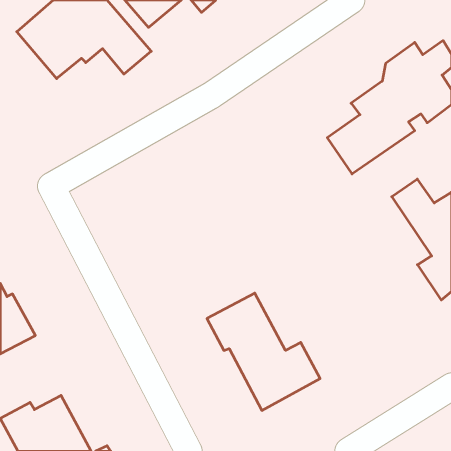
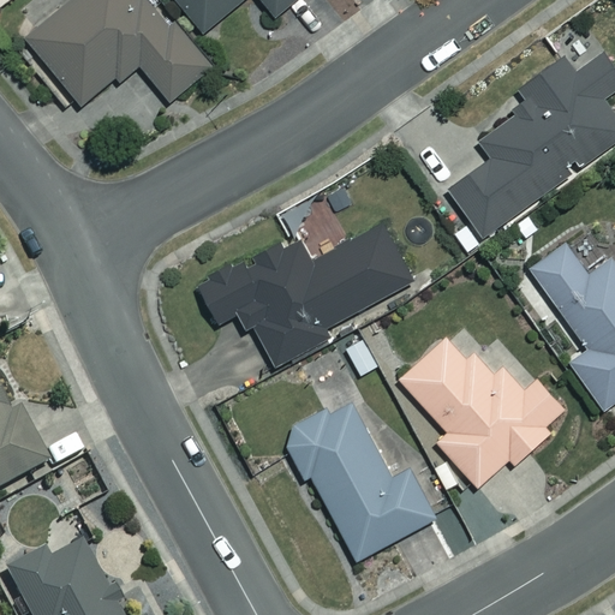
building: none -> [198,225,413,369]
building: none -> [401,332,567,486]

